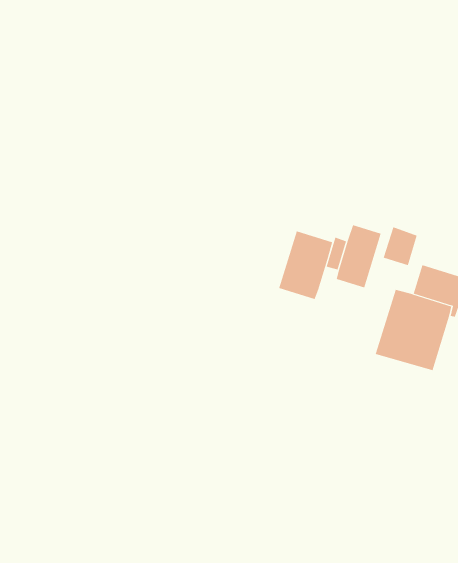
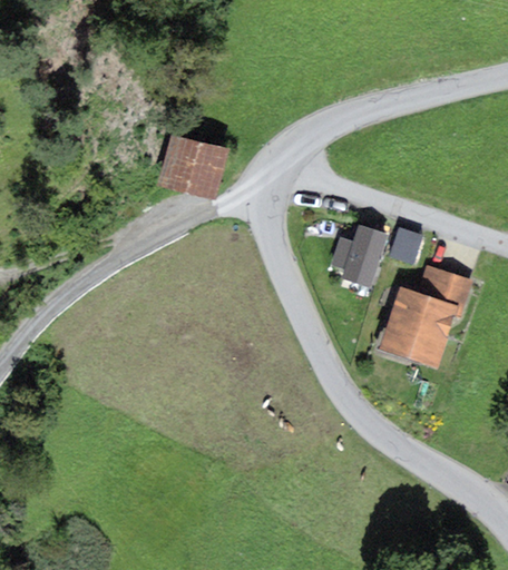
building: none -> [164,135,228,198]
building: [278,231,333,300] -> none

